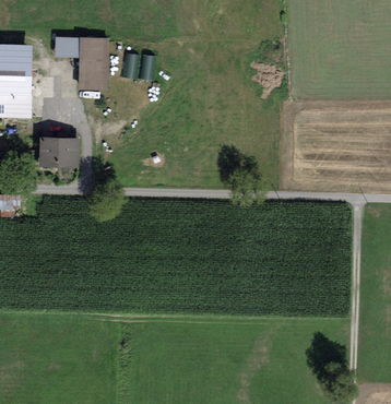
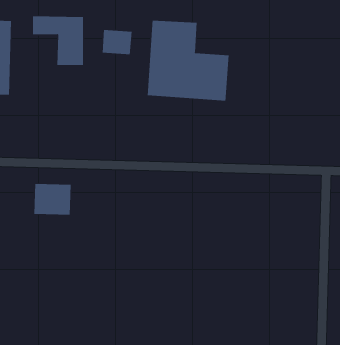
building: none -> [147,20,229,102]
building: [39,135,79,168] -> [33,183,71,215]

